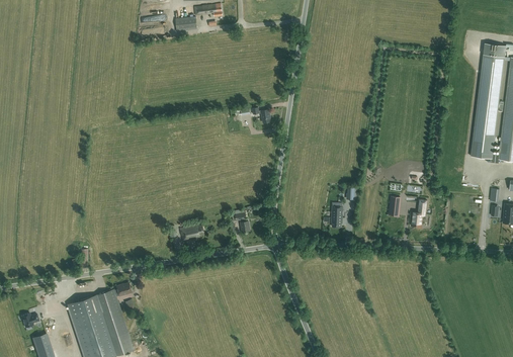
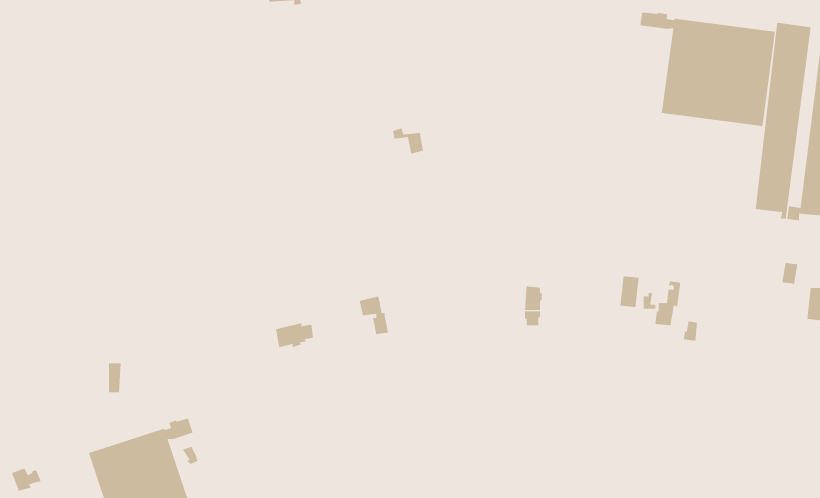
building: none -> [640,12,775,127]

